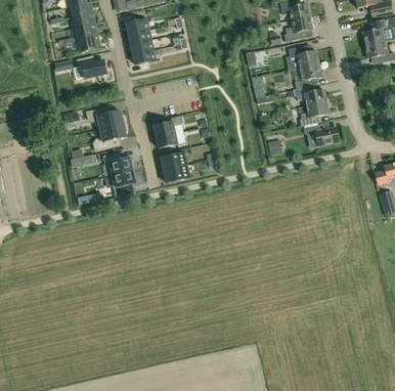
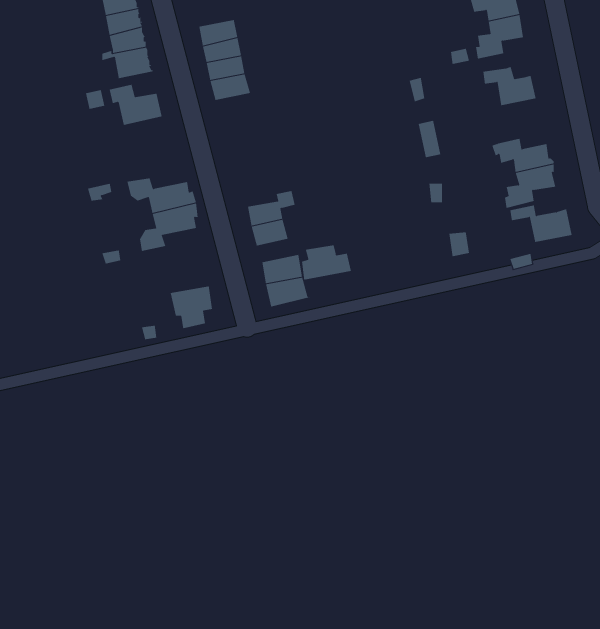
building: [295,63,321,89] -> none
building: none -> [302,245,352,281]
building: [102,151,132,174] -> none

